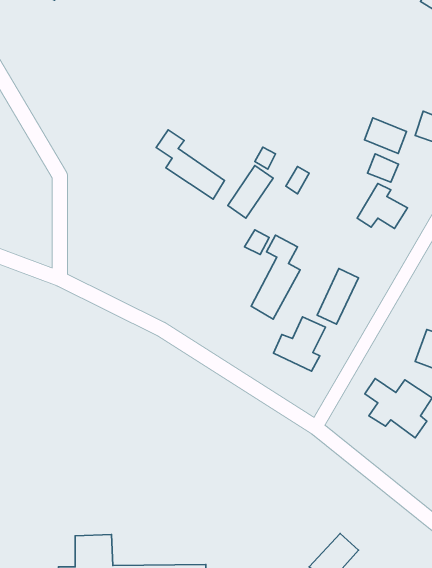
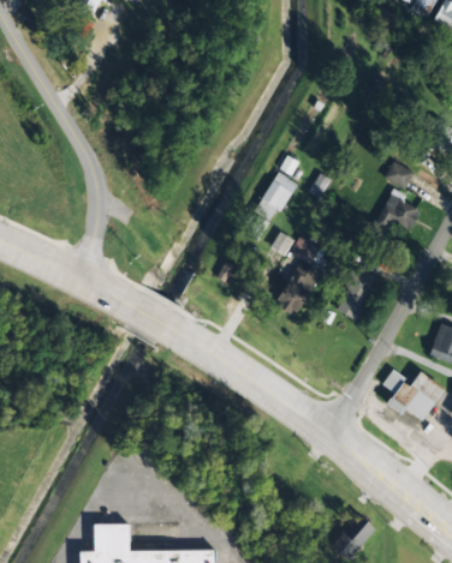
building: [364,118,407,153] -> none
building: [156,130,224,199] -> none
building: [274,317,326,371] -> none

